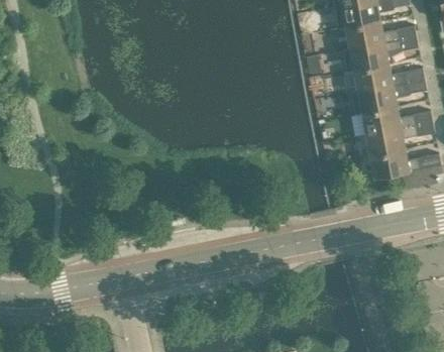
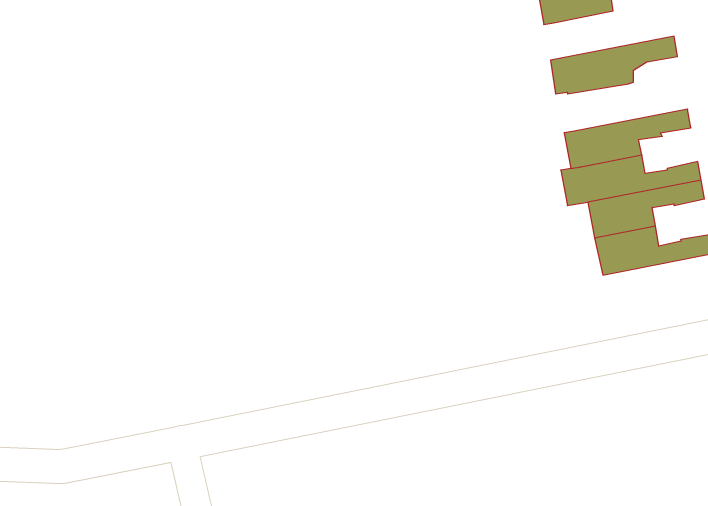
building: [346,21,418,49] -> none
building: [354,65,426,93] -> none

